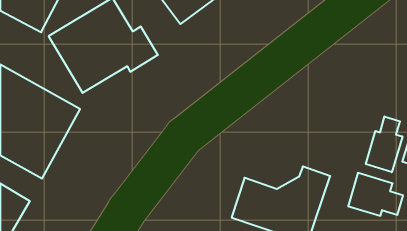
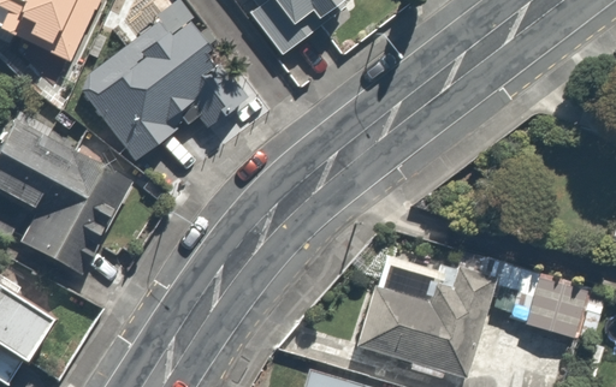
building: [366,116,402,172] -> none

